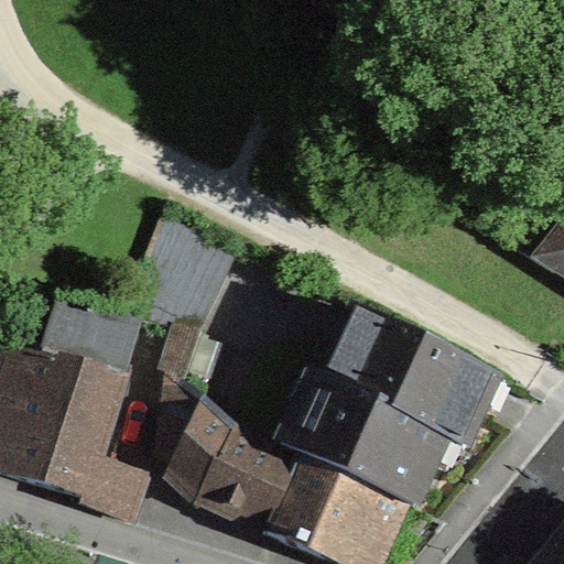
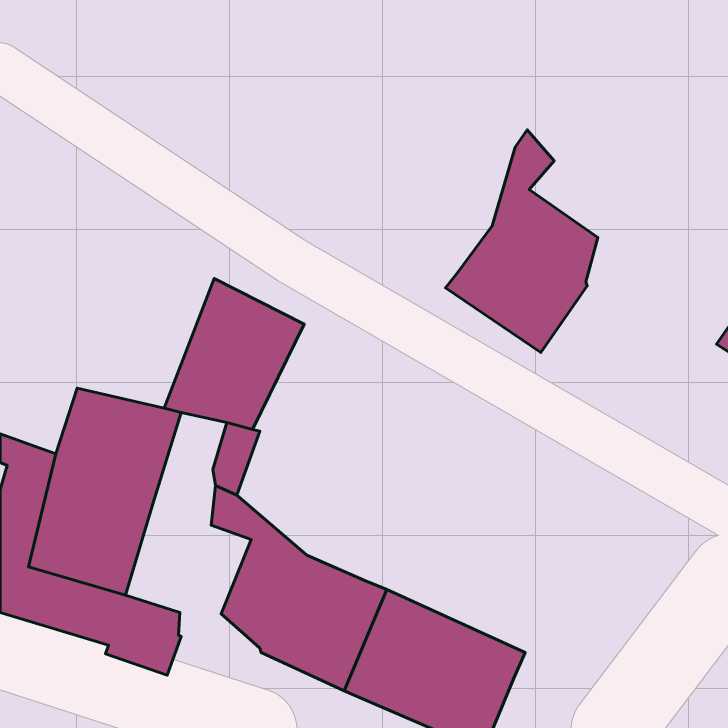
building: none -> [445,130,598,353]
building: [283,317,501,508] -> none

